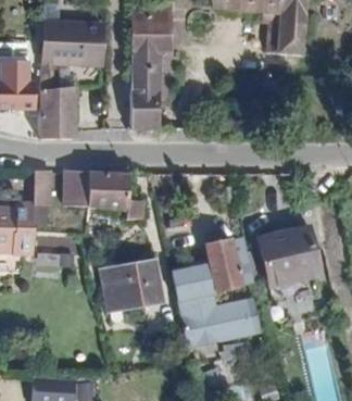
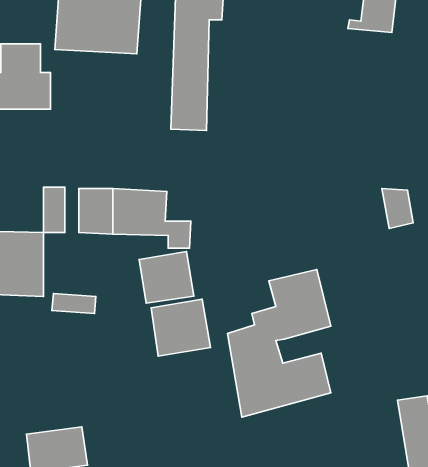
building: [40,89,78,139] -> none
building: none -> [139,251,194,303]
building: [259,225,318,283] -> none

